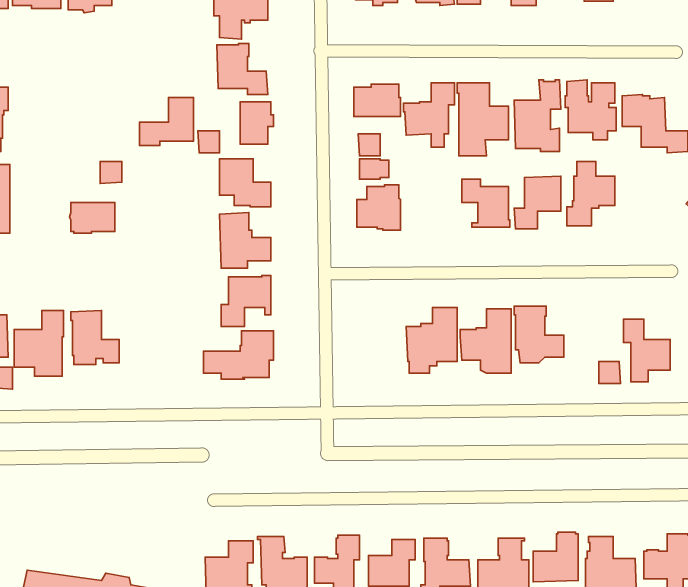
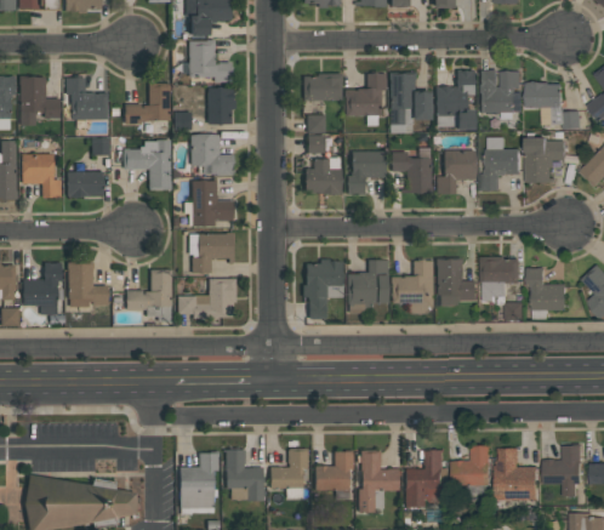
building: none -> [19,75,61,124]
building: none -> [67,78,108,119]
building: none -> [525,132,565,182]
building: none -> [125,138,172,189]
building: none -> [348,150,386,193]
building: none -> [22,153,62,198]
building: none -> [482,257,520,302]
building: none -> [303,258,343,318]
building: none -> [127,268,173,321]

